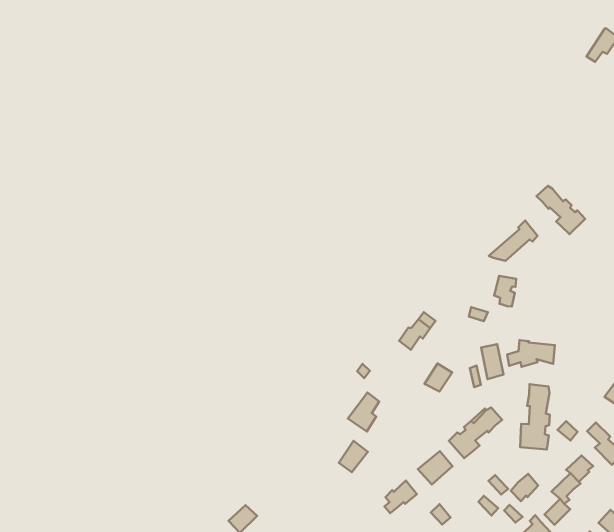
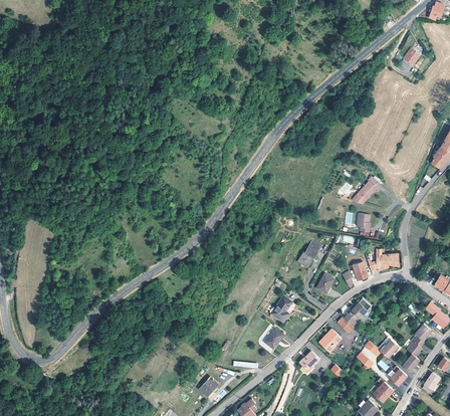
building: [537,186,585,234] -> none
building: [520,384,550,450] -> none

